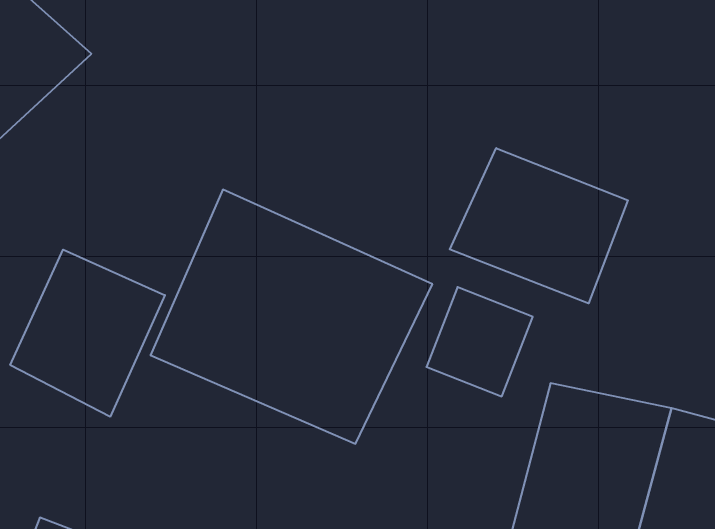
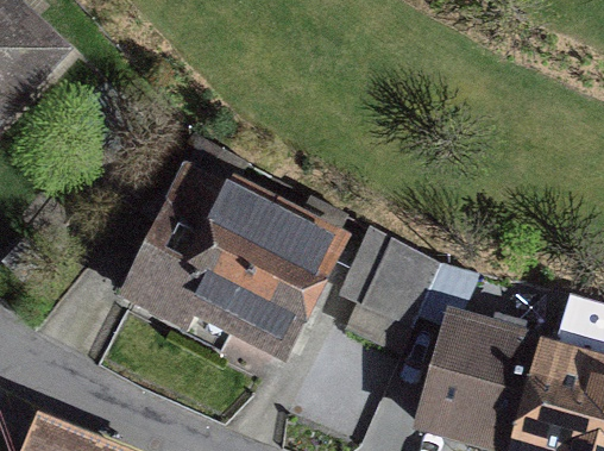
building: [450,148,628,303] -> none
building: [10,250,165,417] -> none

